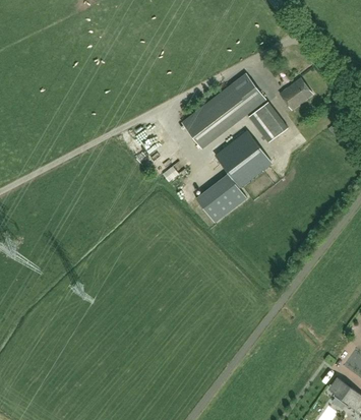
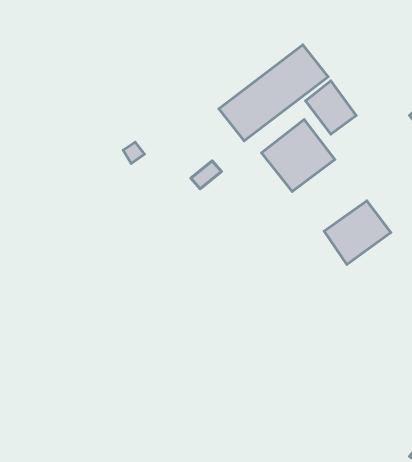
building: [280,77,313,110] -> none
building: [195,173,246,222] -> [324,201,391,265]

